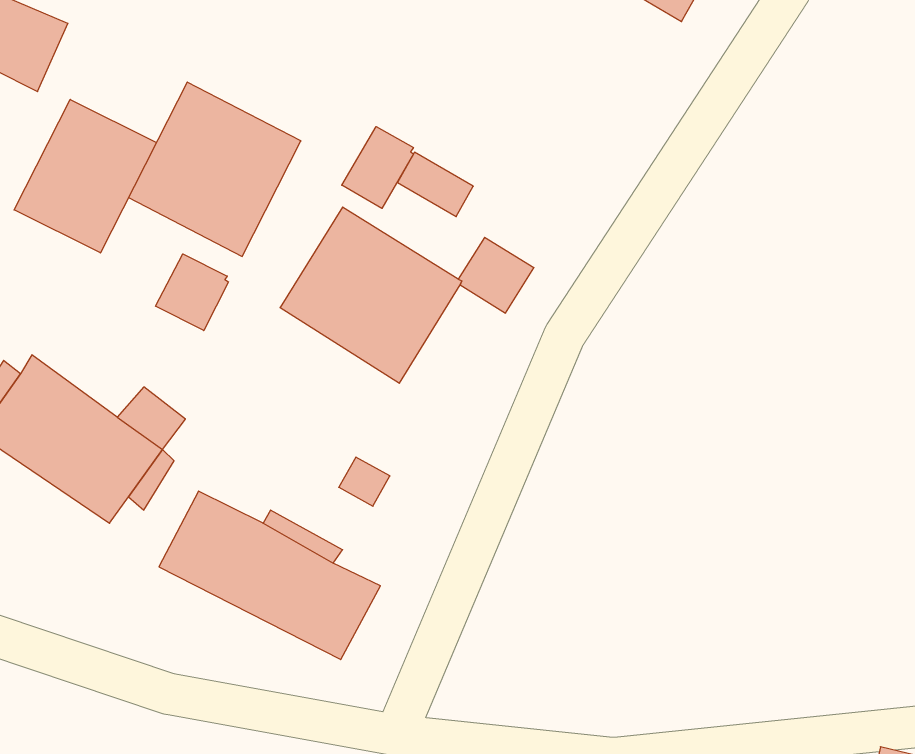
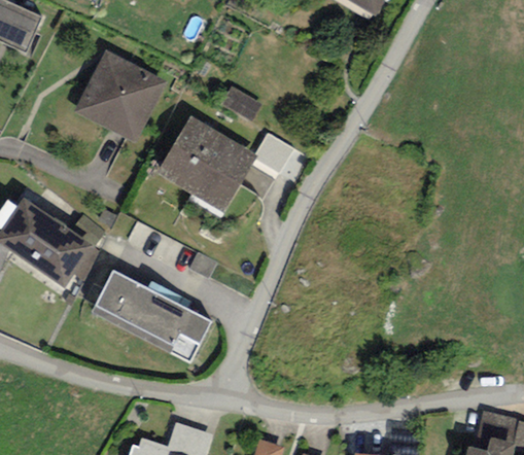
building: [14,99,157,253] -> none
building: [342,127,414,208] -> none
building: [156,254,228,331] -> none

